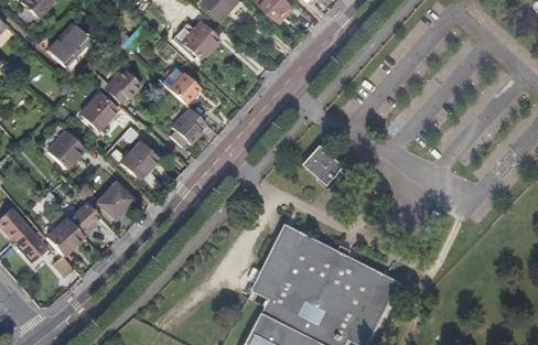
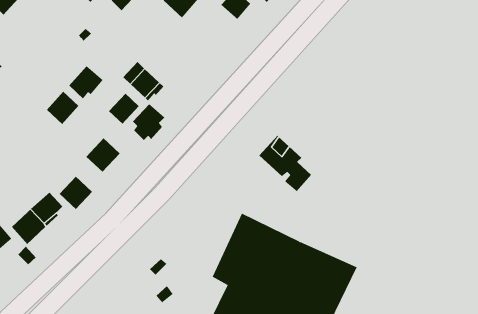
building: [46,22,88,66] -> none
building: [181,23,219,62] -> none
building: none -> [108,93,140,124]
building: [42,127,84,168] -> none

